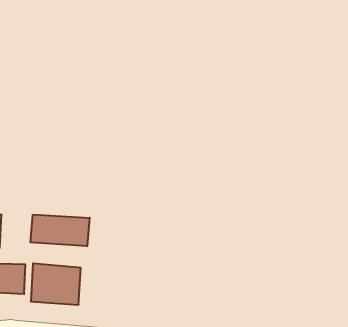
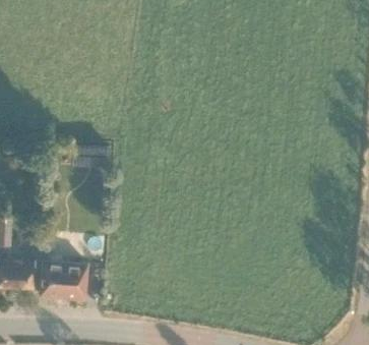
building: [31,215,90,246] -> none

